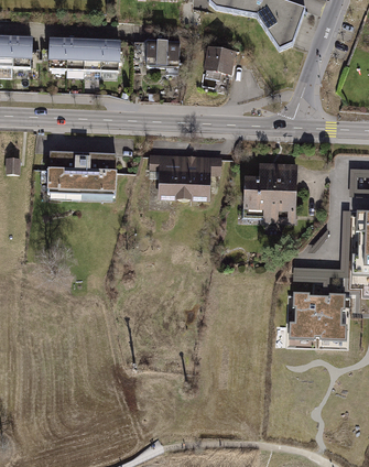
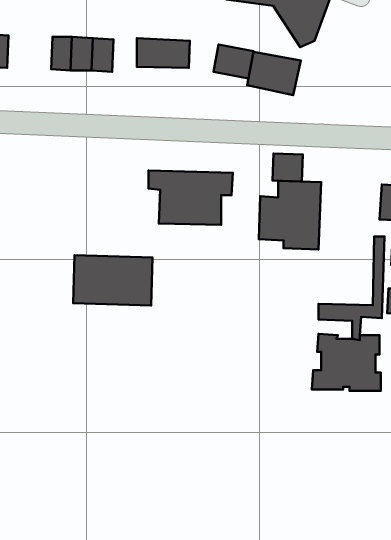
building: [50,37,68,66] -> none
building: none -> [247,52,301,95]
building: none -> [272,153,303,181]
building: [51,151,118,194] -> [73,255,152,306]

